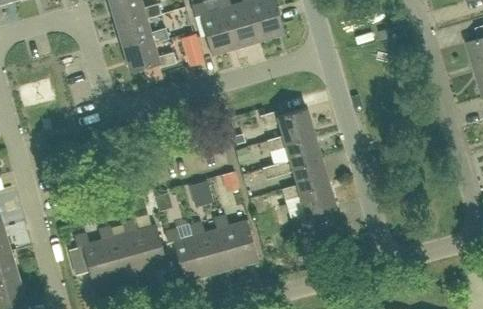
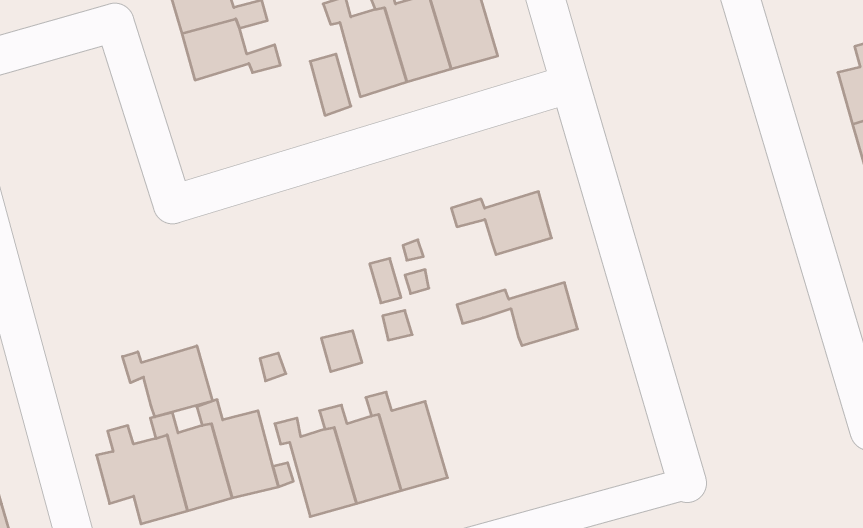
building: [122,38,175,72] -> none
building: [267,132,321,165] -> none
building: [281,181,336,229] -> none
building: none -> [122,346,212,417]

